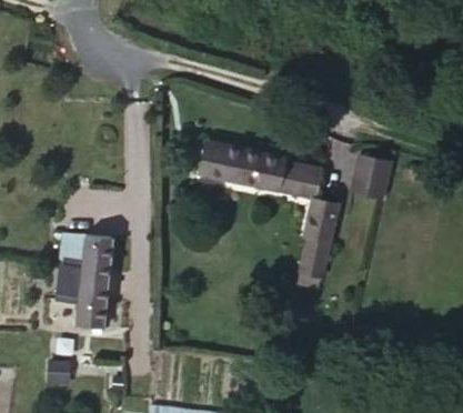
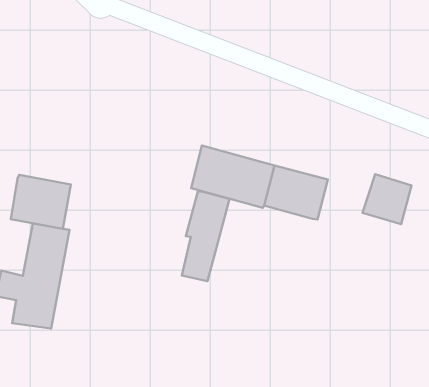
building: none -> [11,175,71,229]
building: [304,212,342,292] -> [182,191,229,281]

